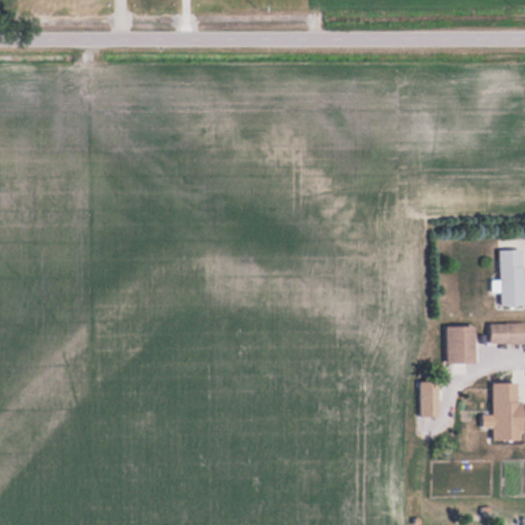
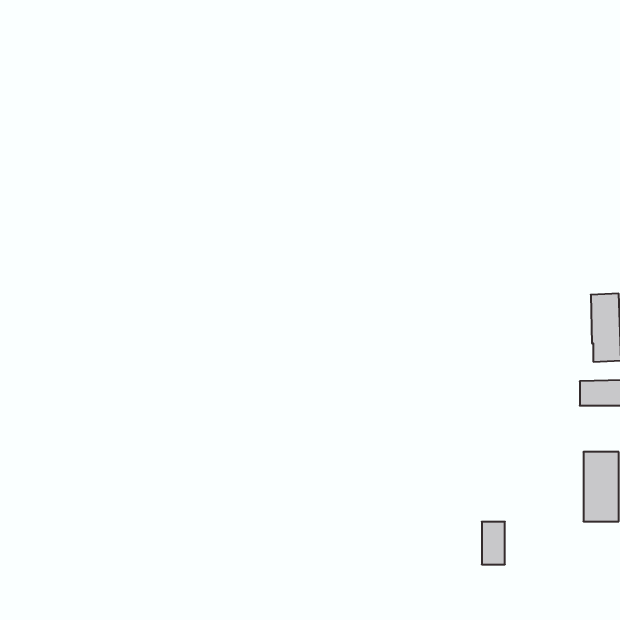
building: [447,326,476,363] -> none
building: [420,381,440,417] -> [482,522,505,564]

